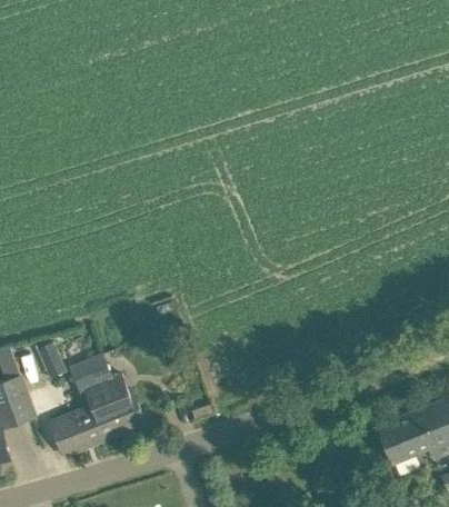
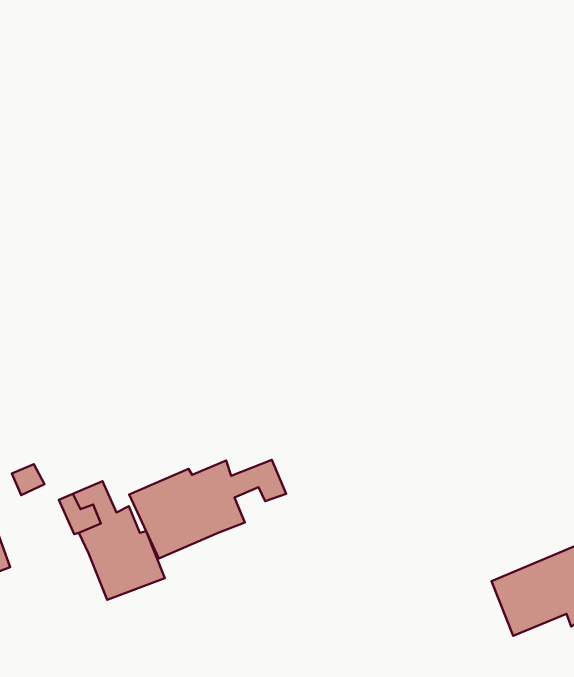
building: none -> [129,460,286,558]
building: [50,406,103,455] -> none

